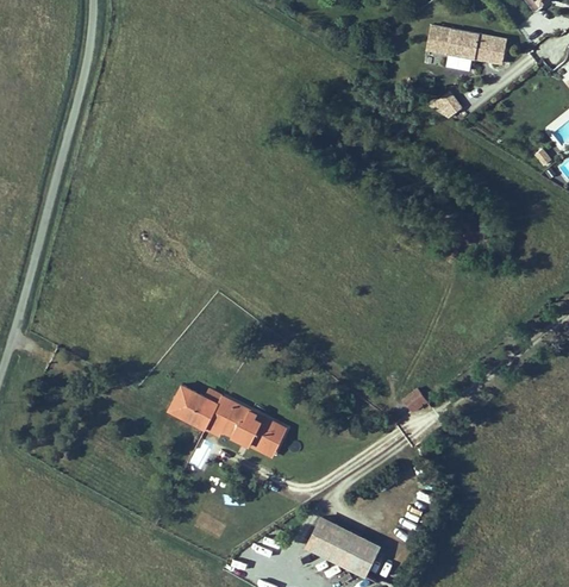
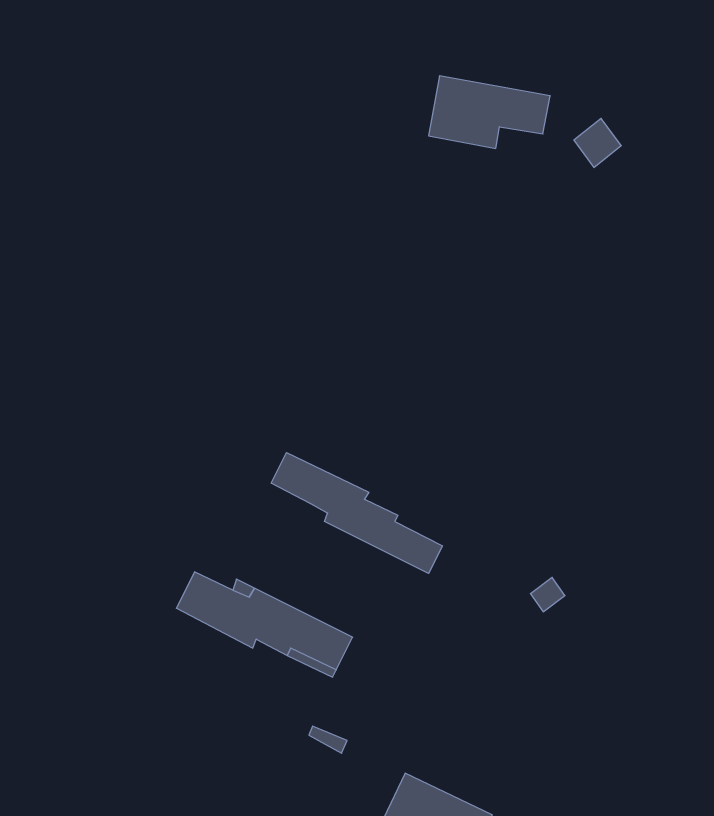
building: [426,24,506,71] -> [429,76,550,148]
building: none -> [271,453,442,573]

